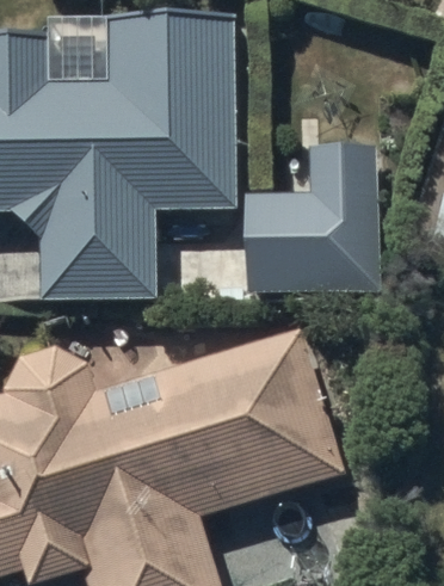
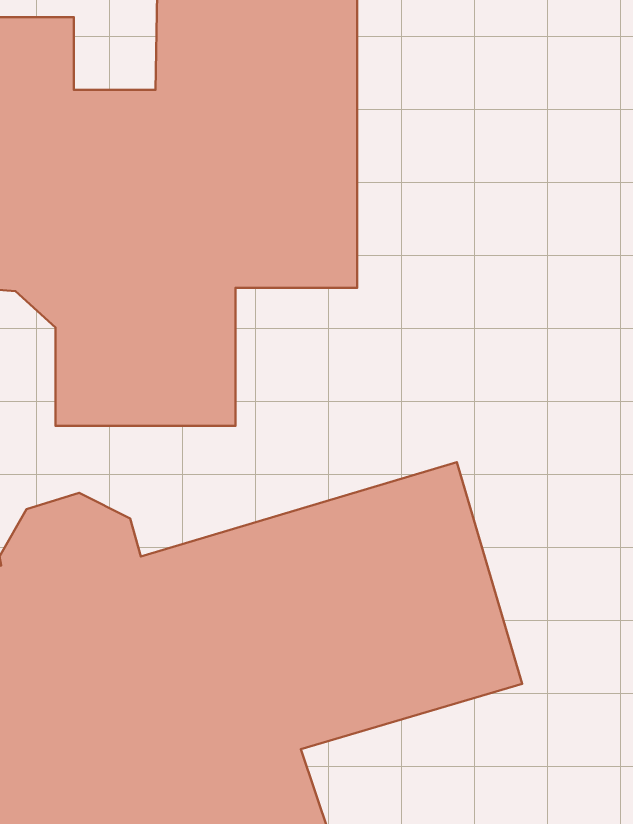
building: [245,141,377,292] -> none

